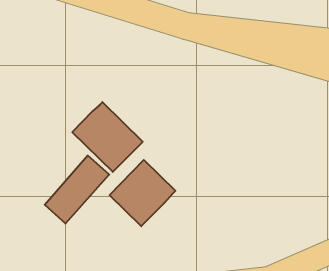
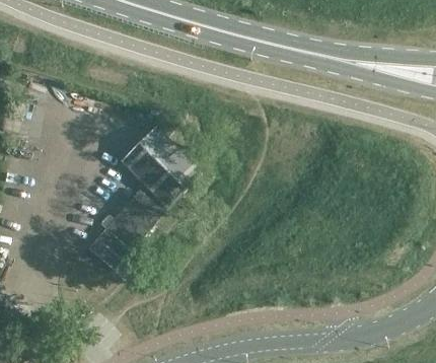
building: [110,160,175,226] -> none

